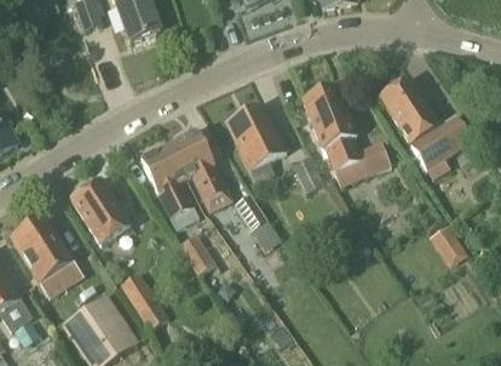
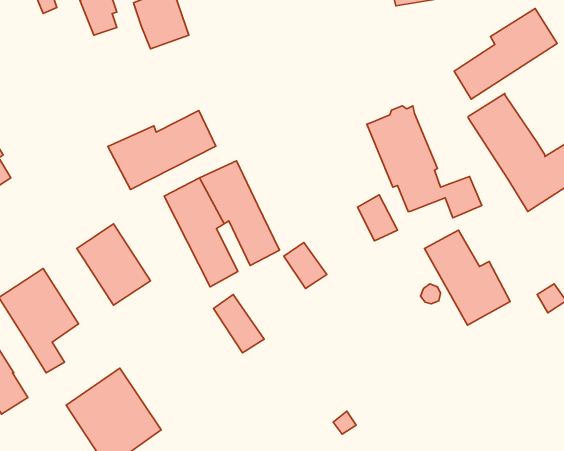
building: none -> [454,9,557,99]
building: none -> [108,110,216,190]
building: [226,103,287,168] -> none
building: none -> [424,230,510,325]
building: [120,271,167,330] -> none

